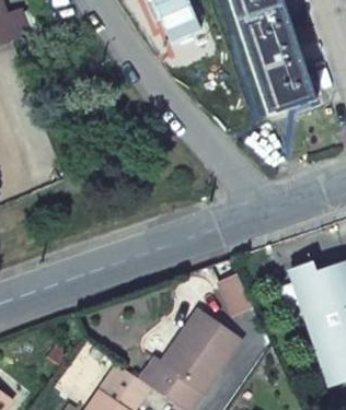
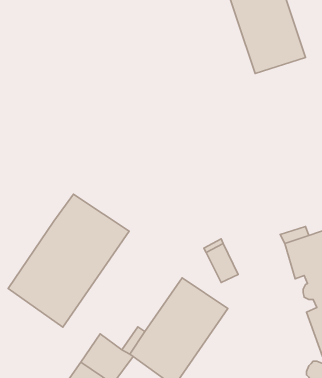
building: none -> [8,194,129,327]

